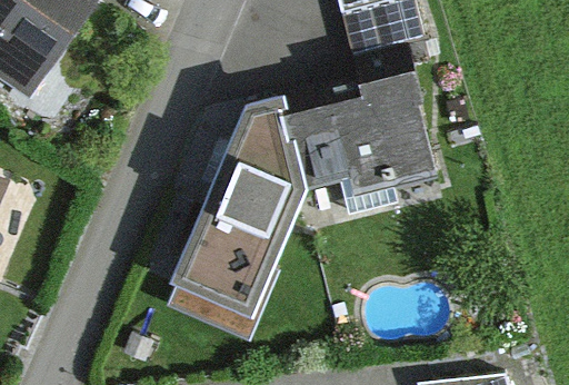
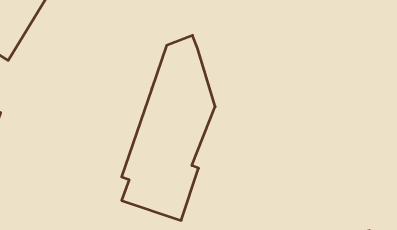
building: [289,63,437,197] -> none

